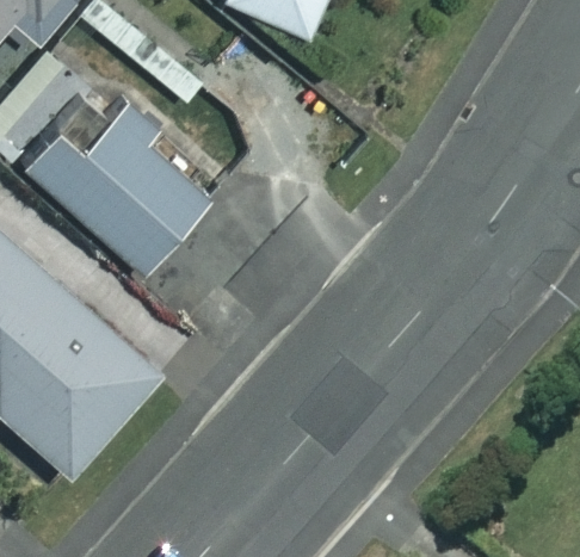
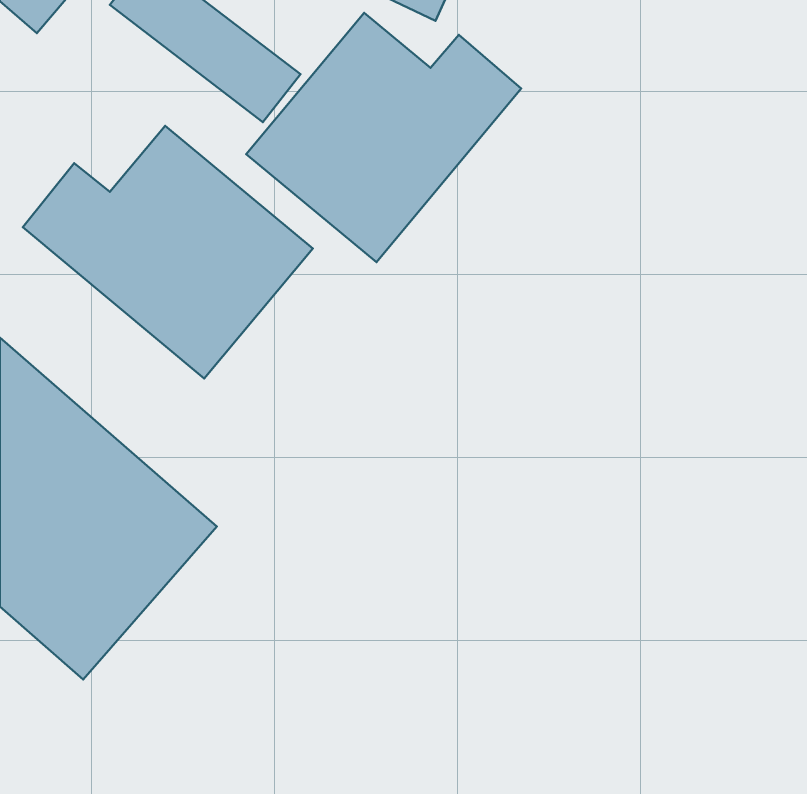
building: none -> [246,13,521,262]

